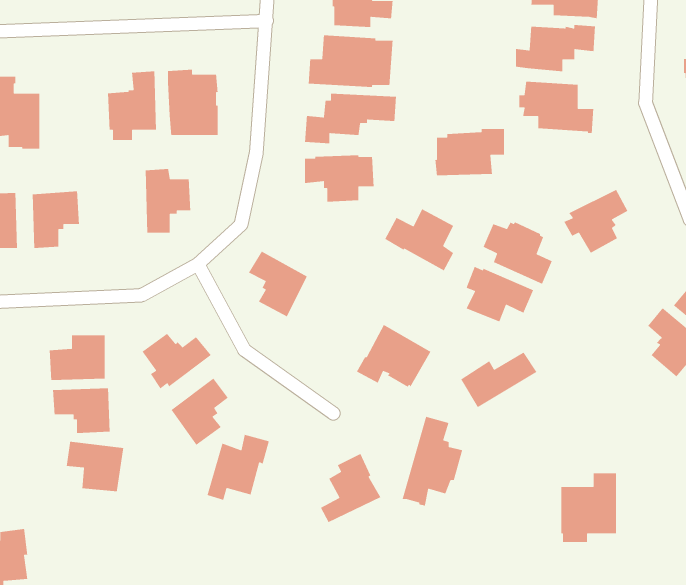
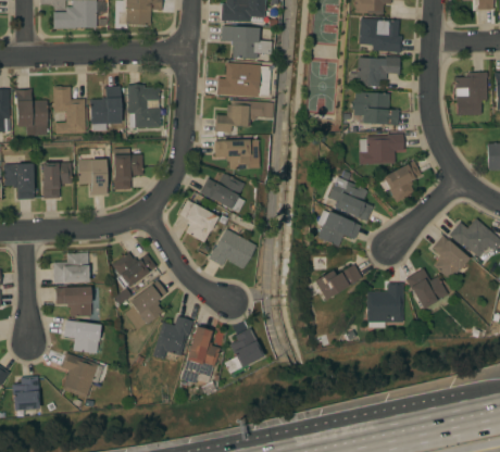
building: none -> [53,86,86,134]
building: [434,128,505,176] -> [359,134,403,164]
building: none -> [78,160,108,196]
building: [384,208,454,272] -> [200,173,245,213]
building: [356,324,431,387] -> [209,228,257,268]
building: none -> [407,268,449,309]
building: [401,416,463,507] -> [182,326,221,384]
building: [560,472,617,543] -> [367,282,403,327]
building: none -> [62,353,104,398]

